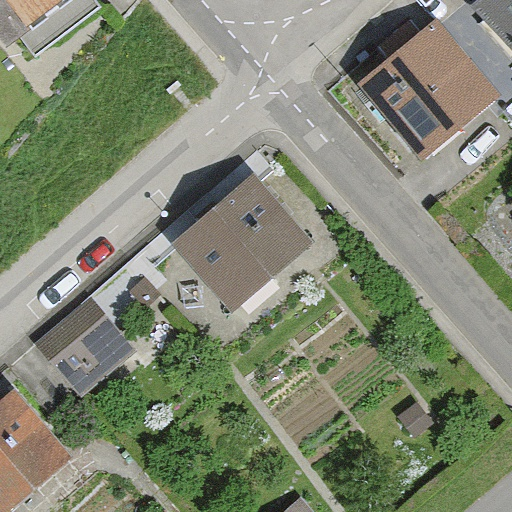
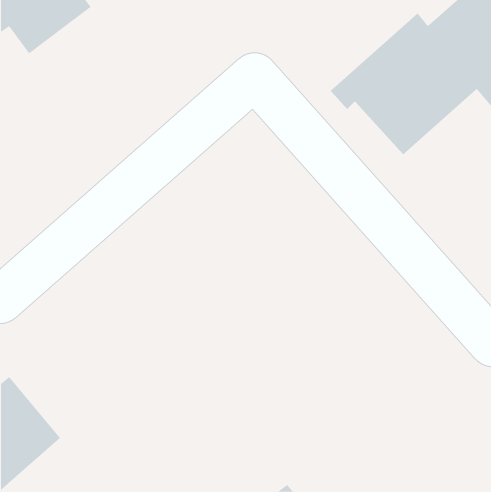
building: [172,174,309,308] -> none
building: [41,303,133,394] -> none

